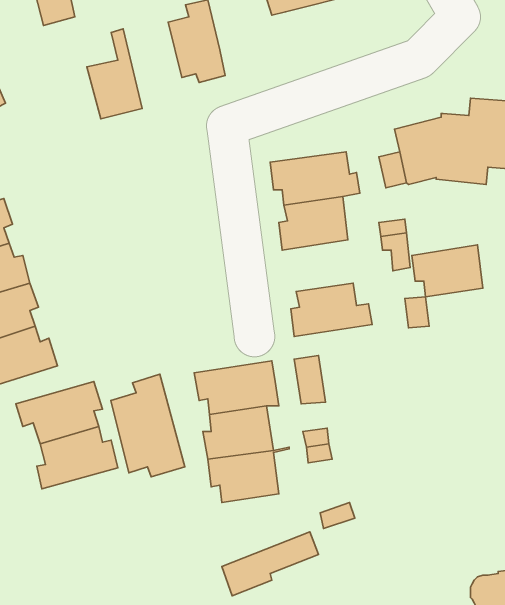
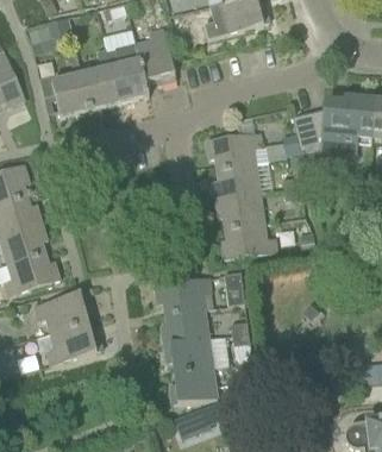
building: none -> [105,43,148,102]
building: none -> [38,74,89,117]
building: [412,245,483,297] -> [214,193,263,228]
building: [111,374,185,477] -> none
building: none -> [169,368,217,404]

